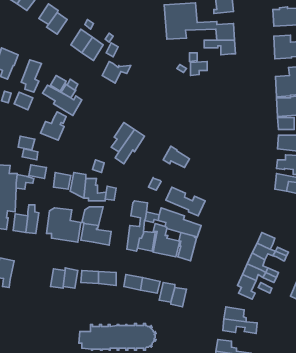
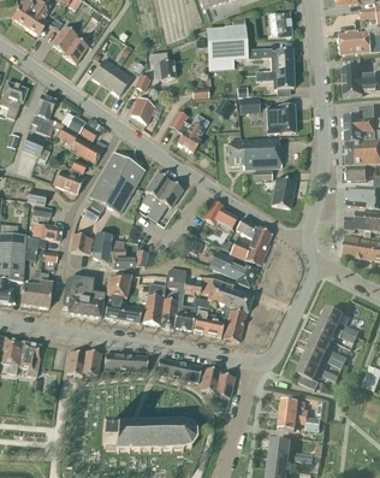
building: none -> [149,51,176,79]
building: none -> [266,105,296,131]
building: none -> [171,110,209,152]
building: none -> [227,136,281,167]
building: none -> [84,151,146,220]
building: none -> [272,177,296,207]
building: none -> [231,217,272,265]
building: none -> [143,282,165,323]
building: none -> [20,341,42,376]

